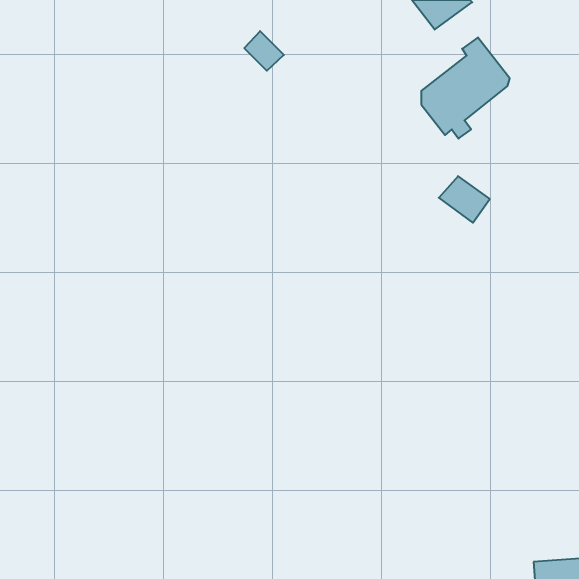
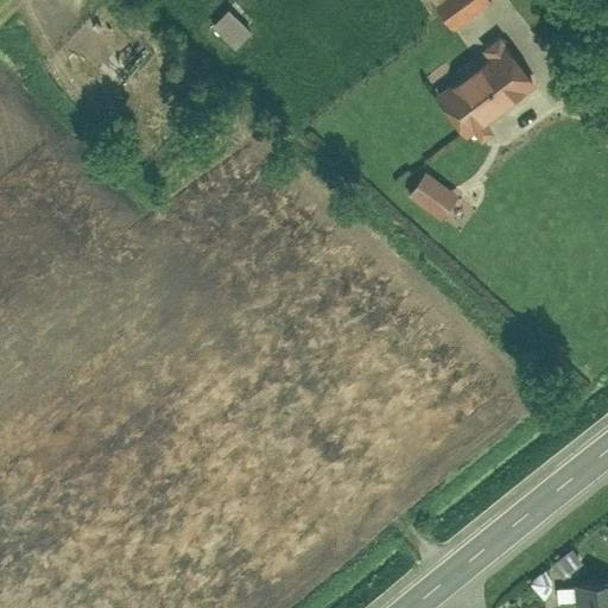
building: [244,31,284,71] -> [207,6,248,48]
building: [439,176,490,223] -> [405,171,458,220]

